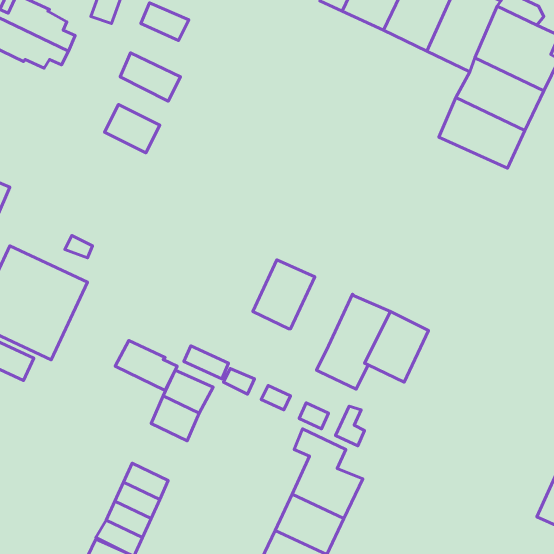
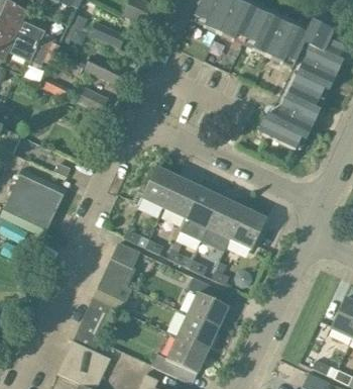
building: none -> [258,105,313,149]
building: none -> [141,166,178,207]
building: none -> [180,187,222,241]
building: [115,340,177,390] -> [96,273,132,302]

